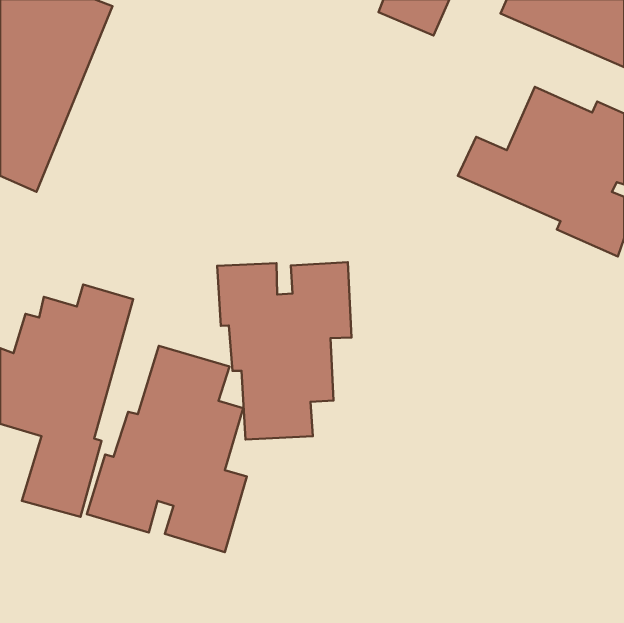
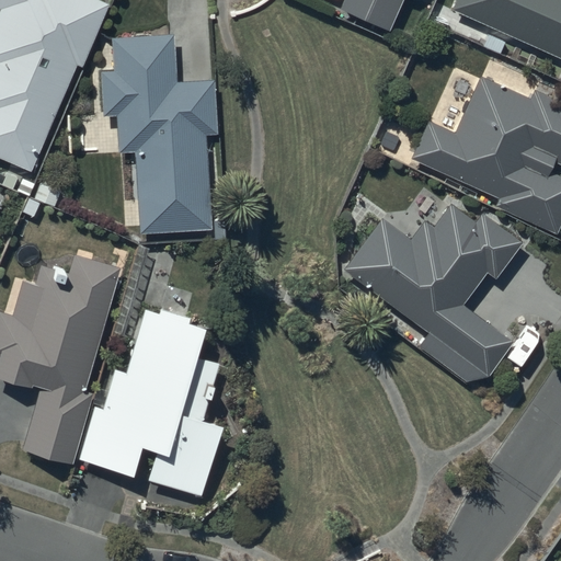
building: none -> [101,34,219,231]
building: none -> [340,199,524,383]
building: [217,262,351,439] -> none

